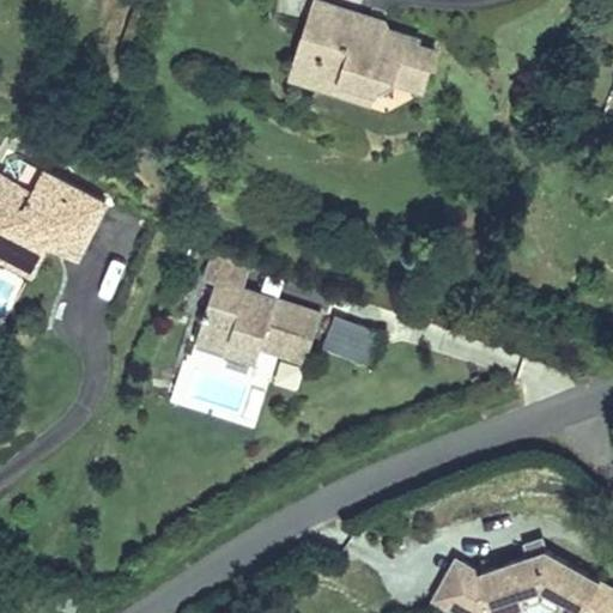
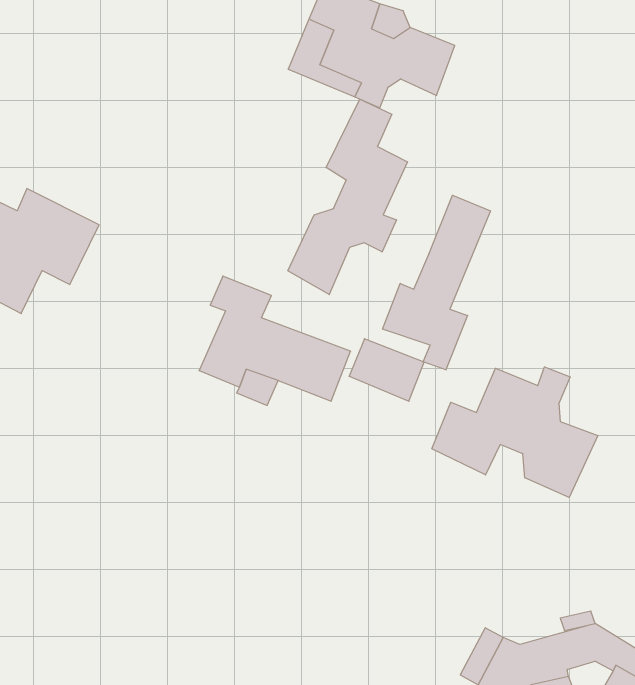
building: none -> [288,99,407,295]
building: none -> [383,195,491,370]
building: none -> [432,367,598,497]

